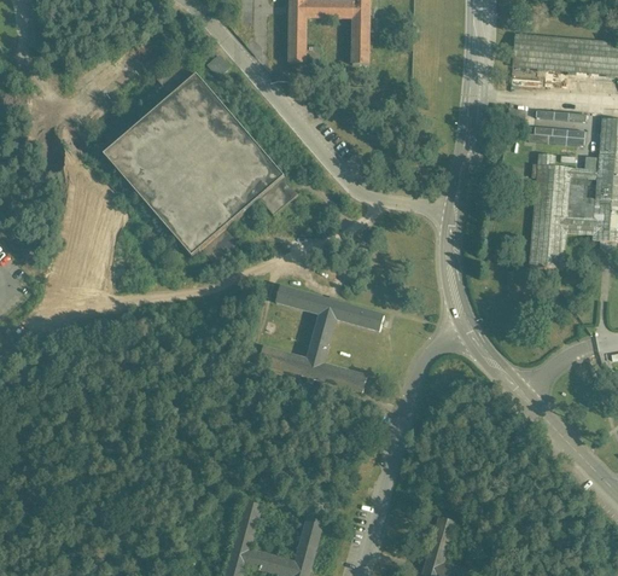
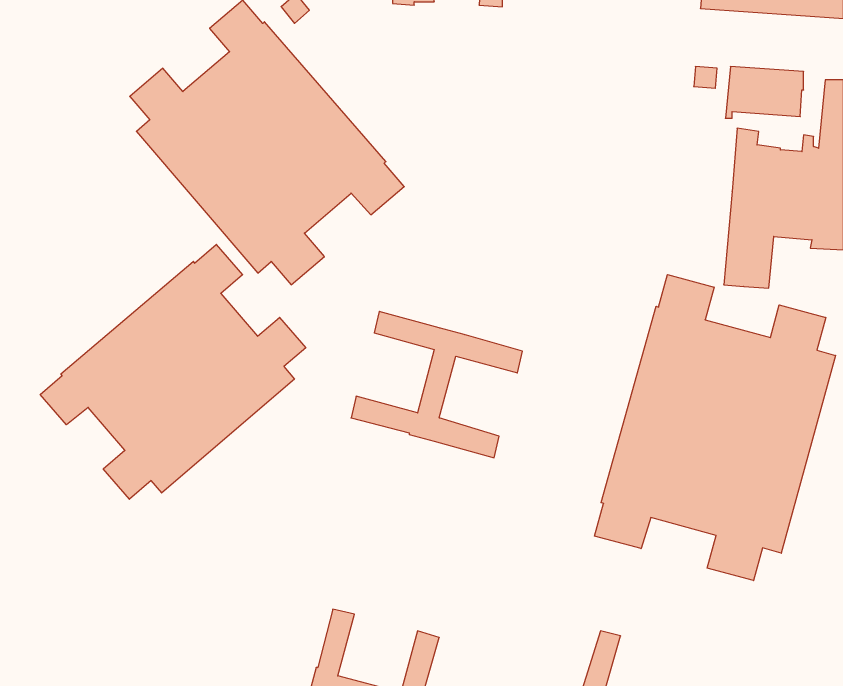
building: none -> [40,244,306,499]
building: none -> [595,275,836,581]

